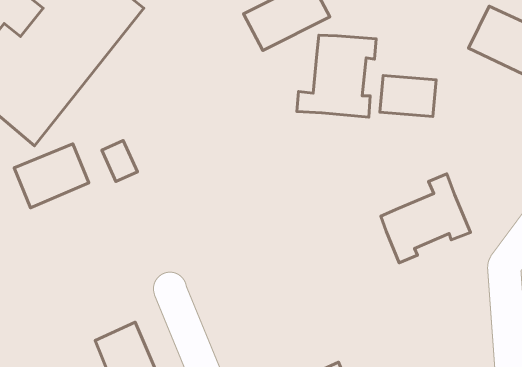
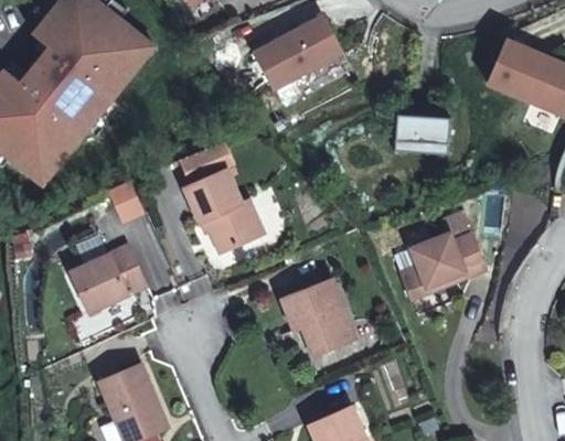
building: [297,35,376,117] -> none
building: none -> [182,141,265,250]
building: [14,144,89,208] -> [71,246,147,311]
building: none -> [282,278,356,357]

